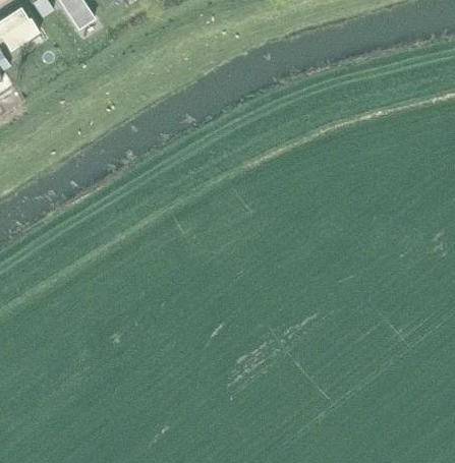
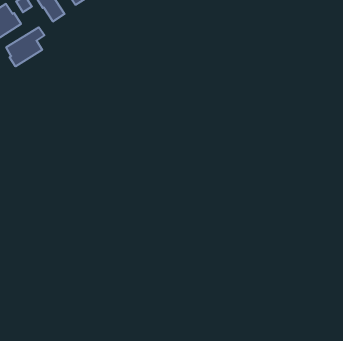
building: none -> [6,27,44,66]

